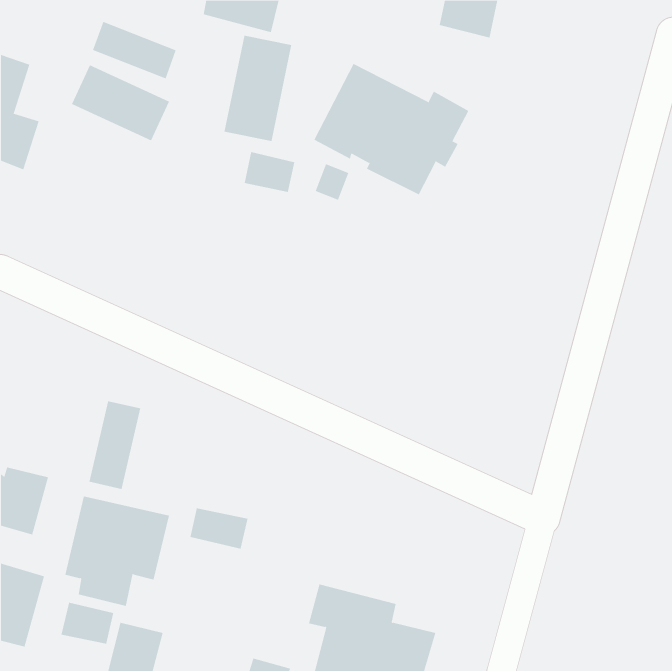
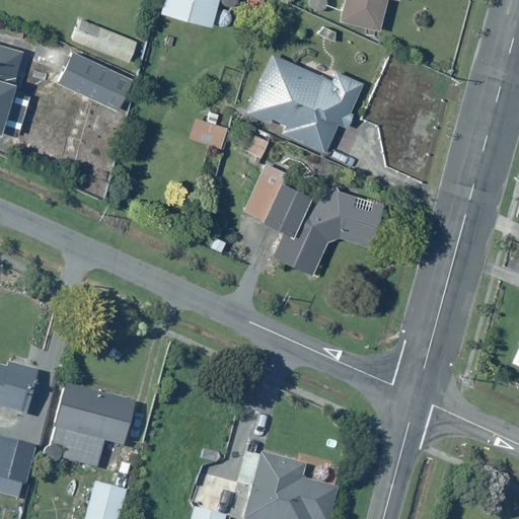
building: [224,35,292,142] -> none
building: none -> [245,165,381,275]
building: [89,400,141,490] -> none
building: [190,507,248,550] -> none
building: [61,602,114,645] -> none

